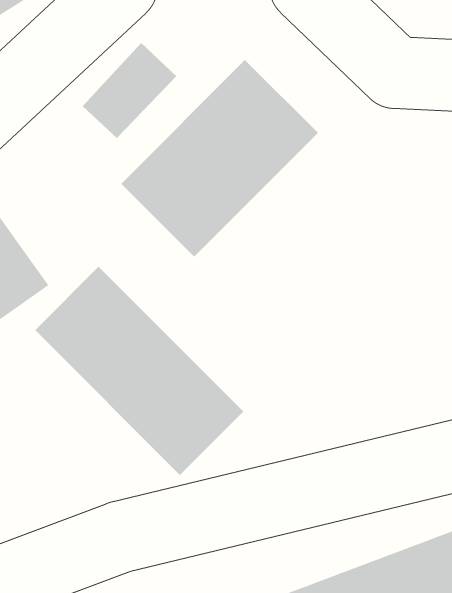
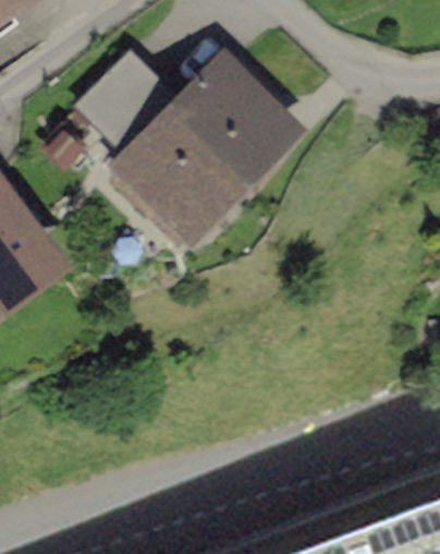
building: [35,266,244,476] -> none

